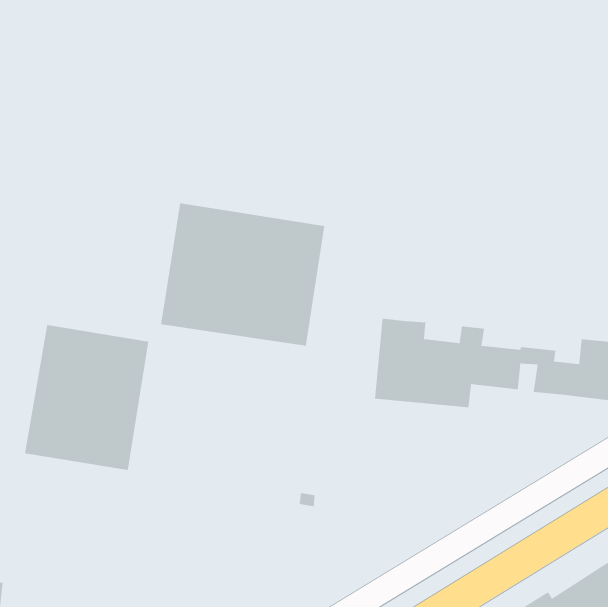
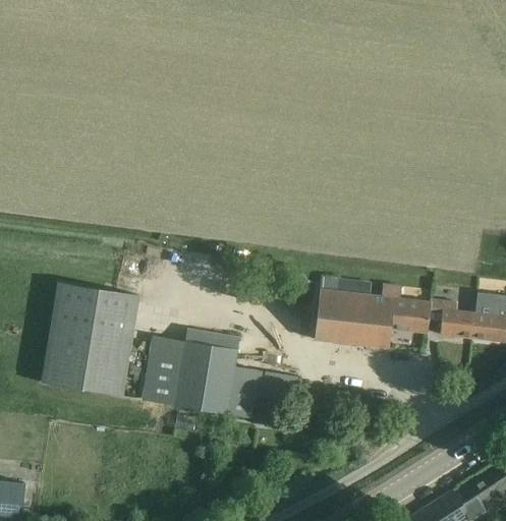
building: [161,202,325,347] -> none
building: none -> [142,329,296,417]

